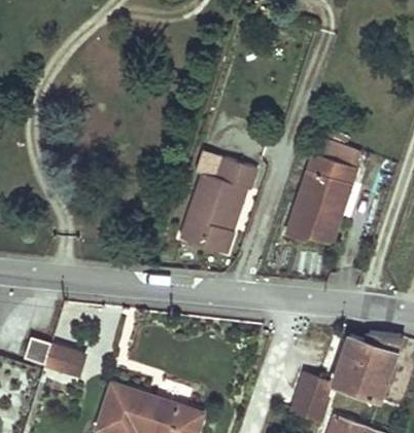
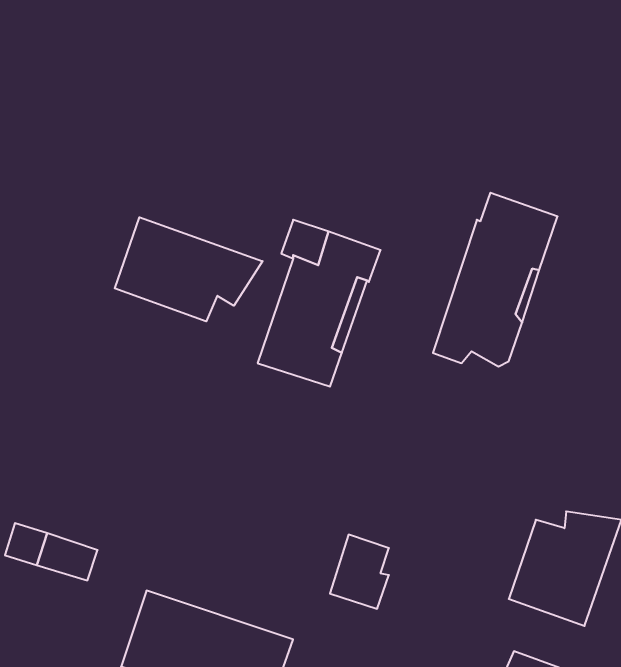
building: none -> [115,217,263,321]
building: [292,375,329,421] -> [330,535,389,609]

